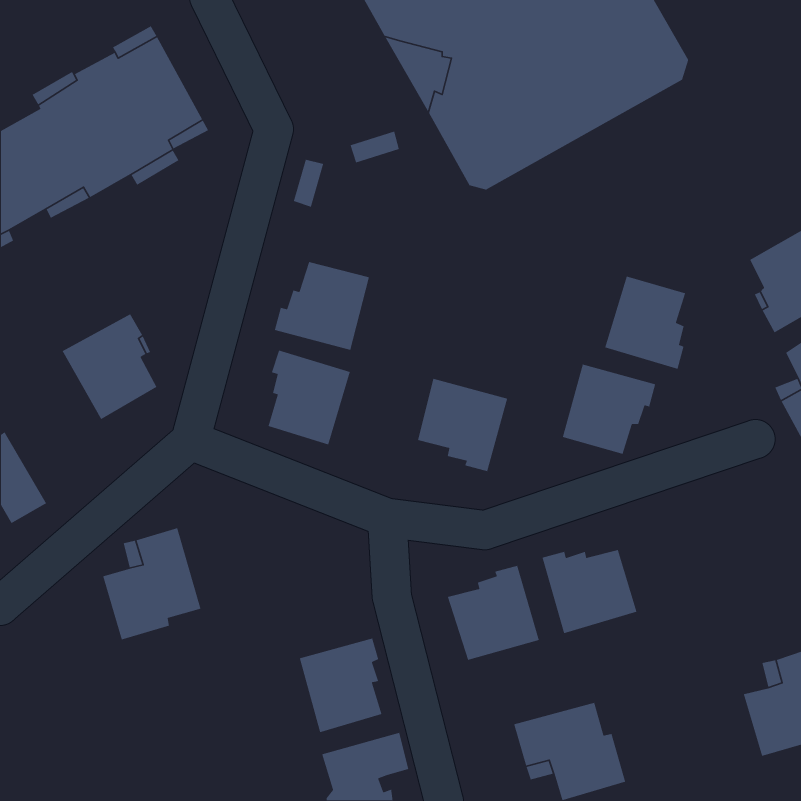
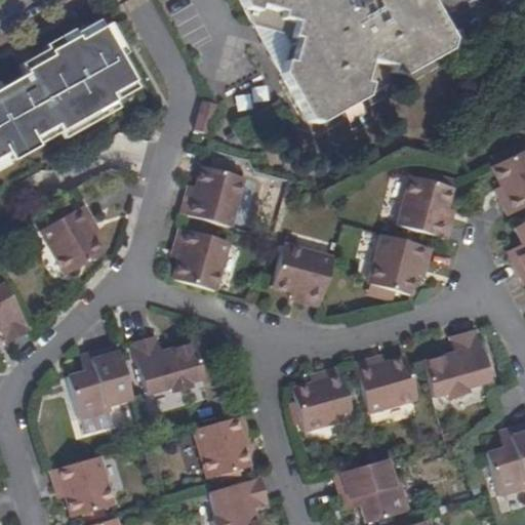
building: none -> [422,330,490,398]
building: none -> [133,333,204,393]
building: none -> [51,454,114,515]

